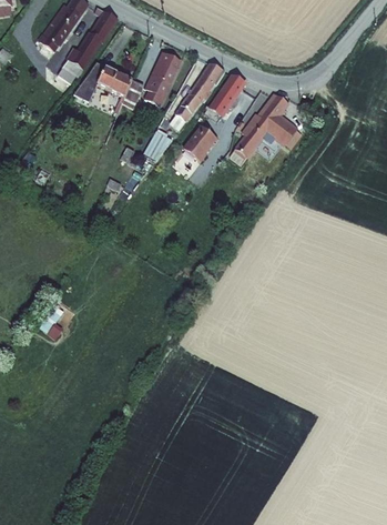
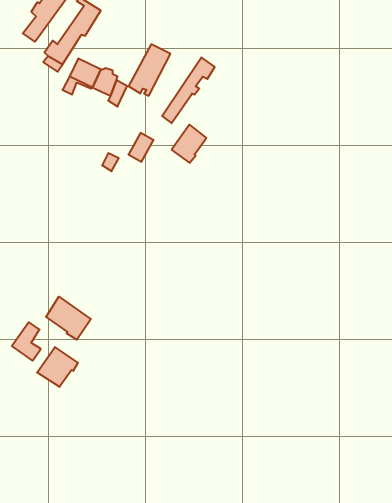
building: [210,73,247,115] -> none
building: [236,92,294,154] -> none
building: none -> [46,297,91,340]
building: none -> [37,347,78,387]

